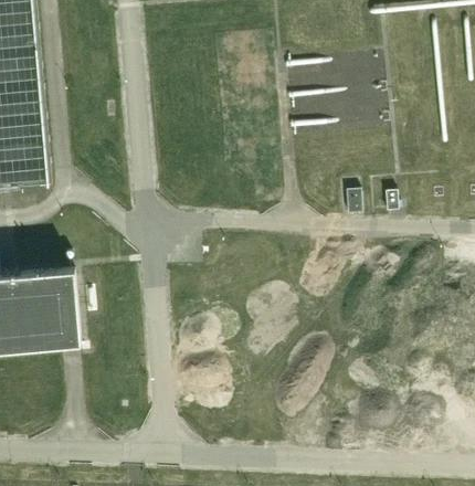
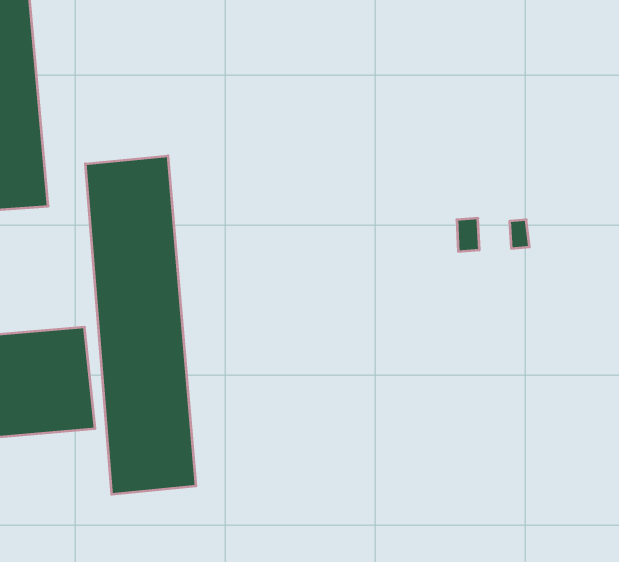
building: none -> [85,156,196,494]

